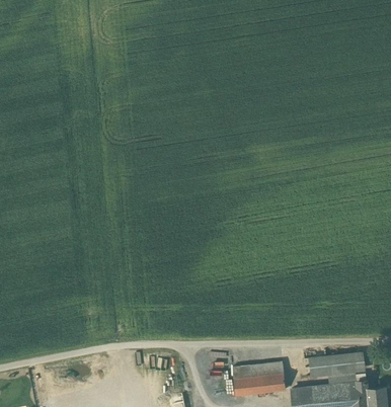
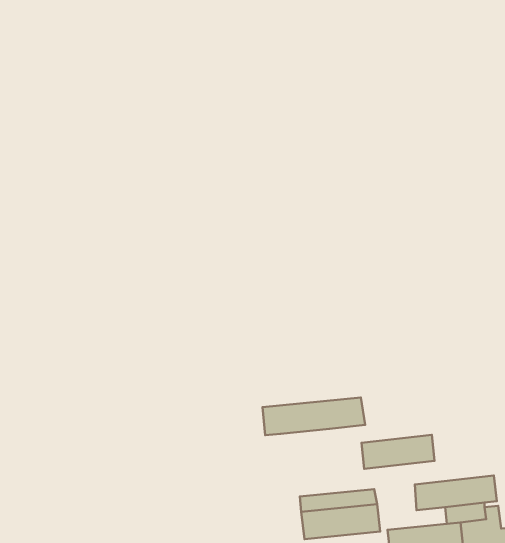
building: none -> [263,397,365,435]
building: none -> [361,435,435,469]

